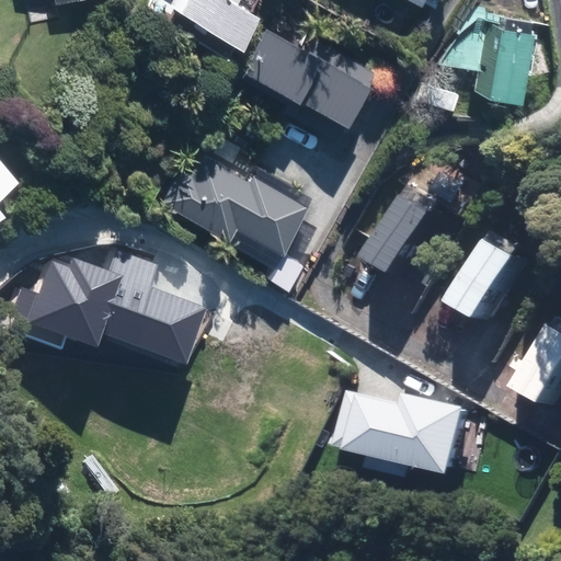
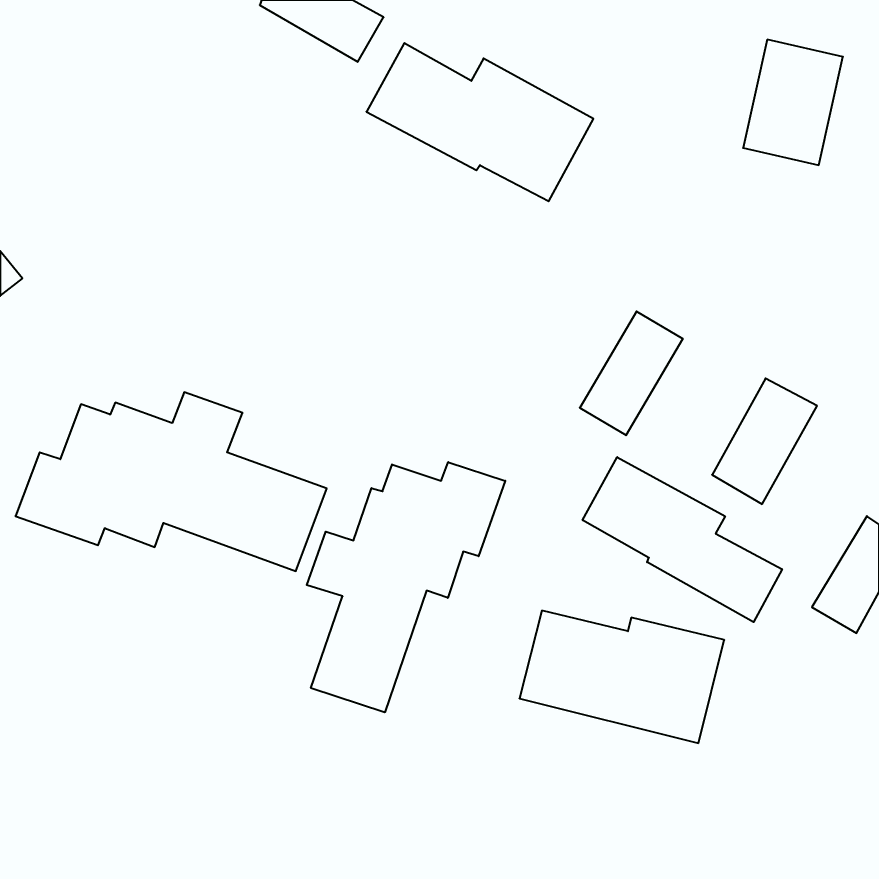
building: [158,150,299,252] -> none
building: none -> [583,457,782,622]
building: none -> [307,462,505,712]

